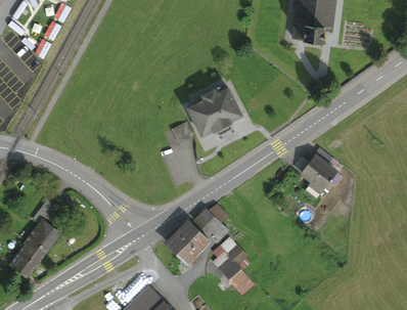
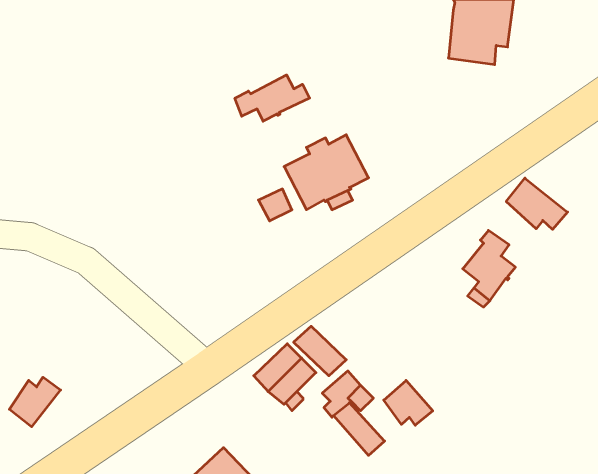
building: none -> [235,75,310,121]
building: none -> [506,178,568,229]
building: [24,221,57,251] -> none
building: none -> [384,380,433,425]

